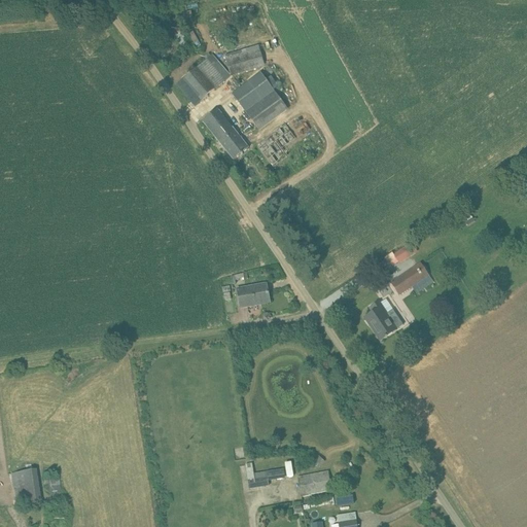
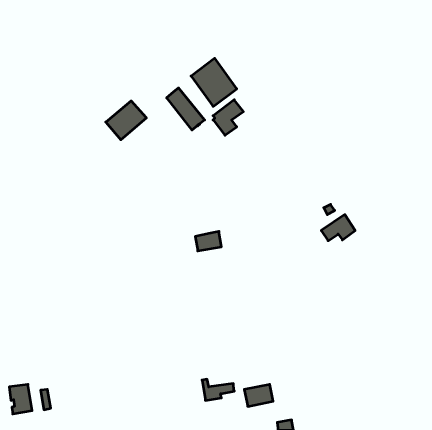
building: [225,42,267,73] -> none
building: [176,58,225,105] -> [106,101,146,140]
building: [365,300,403,338] -> none

